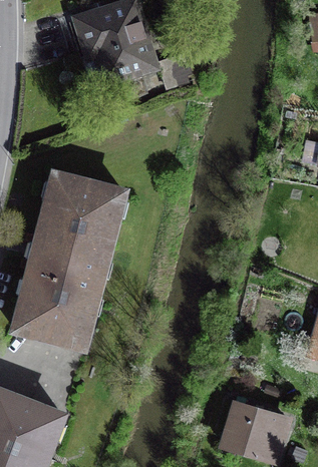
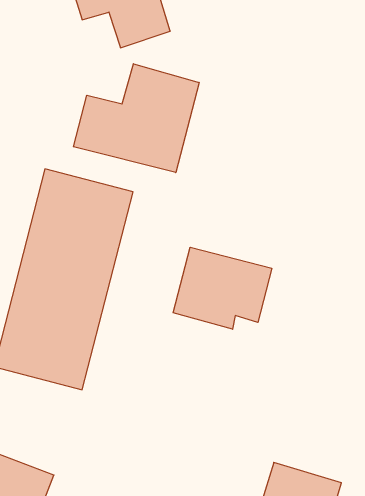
building: none -> [73,64,199,173]
building: none -> [173,247,272,329]

